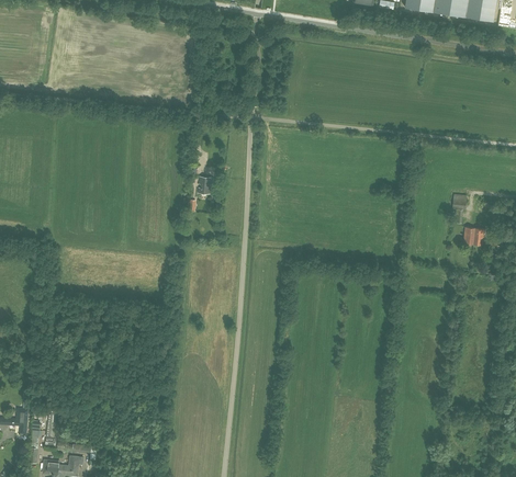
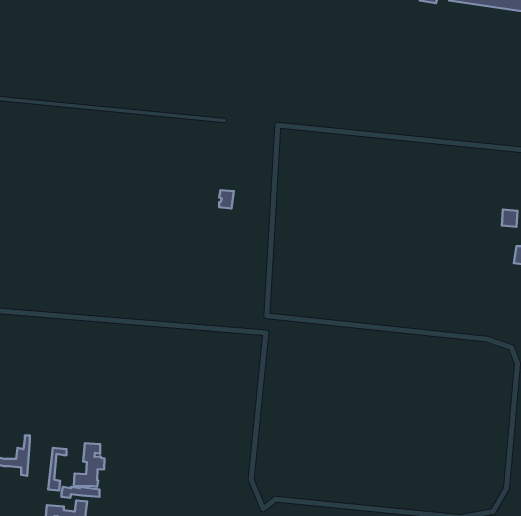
building: none -> [74,443,105,487]

